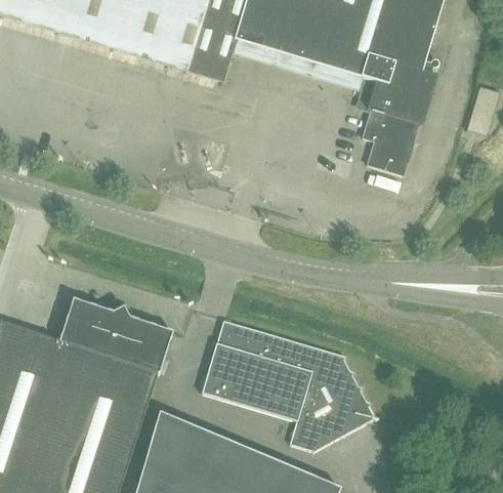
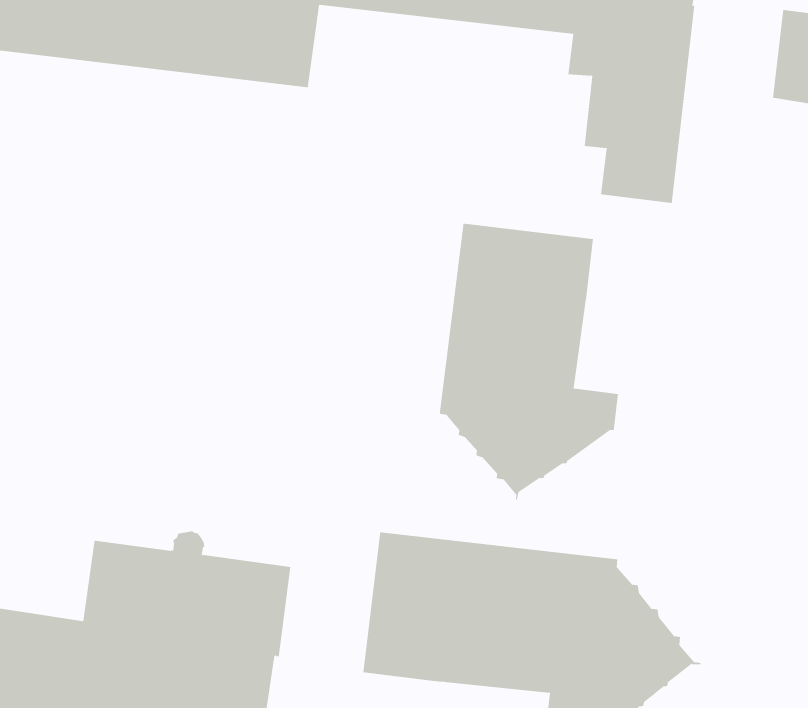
building: none -> [439,223,619,501]

